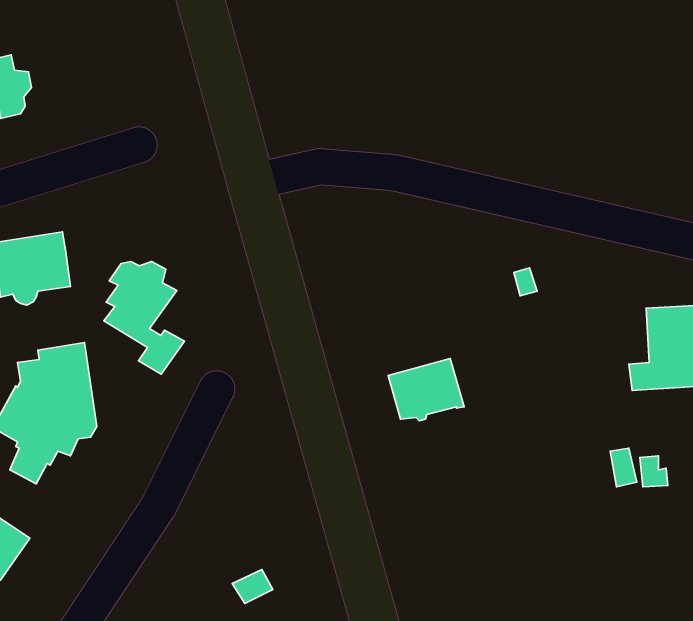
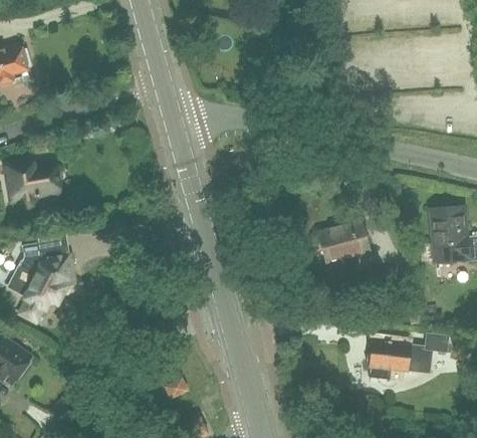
building: [104,262,185,374] -> none
building: [388,358,464,421] -> [318,221,368,261]
building: none -> [365,333,448,379]

